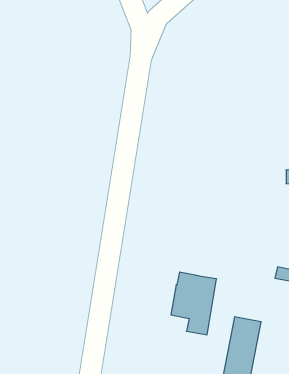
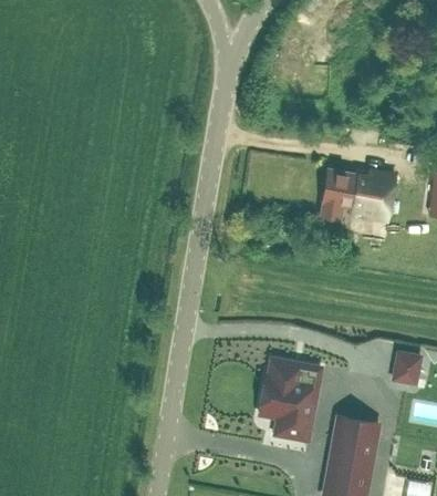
building: none -> [320,169,395,223]

